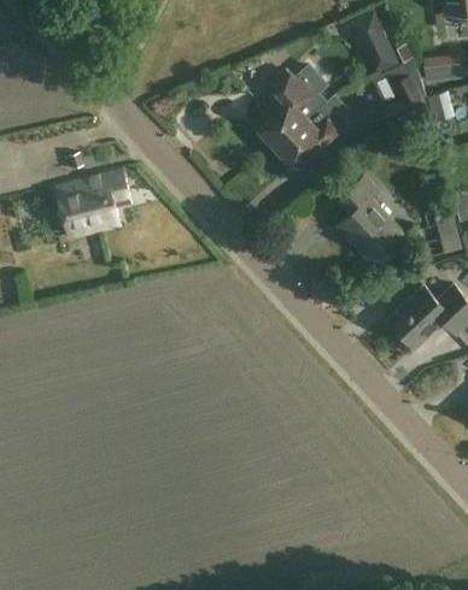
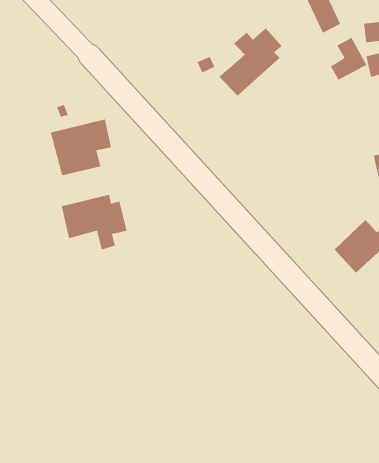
building: [276,94,351,167] -> none
building: [337,177,406,266] -> none
building: none -> [61,194,127,250]

